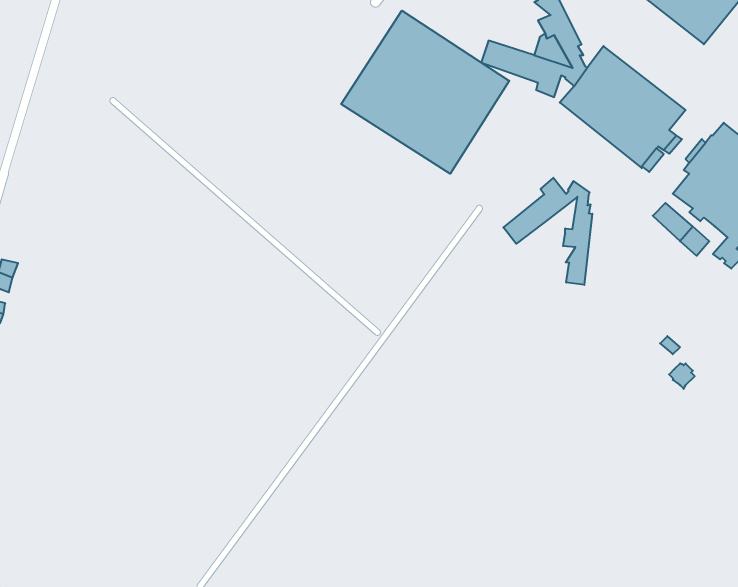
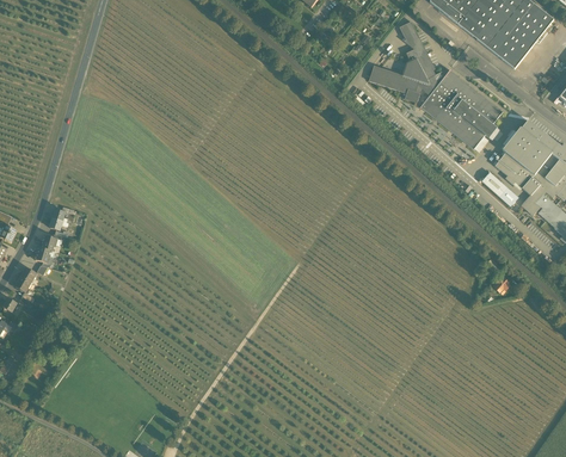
building: [341,11,509,174] -> none
building: [503,178,592,285] -> none

